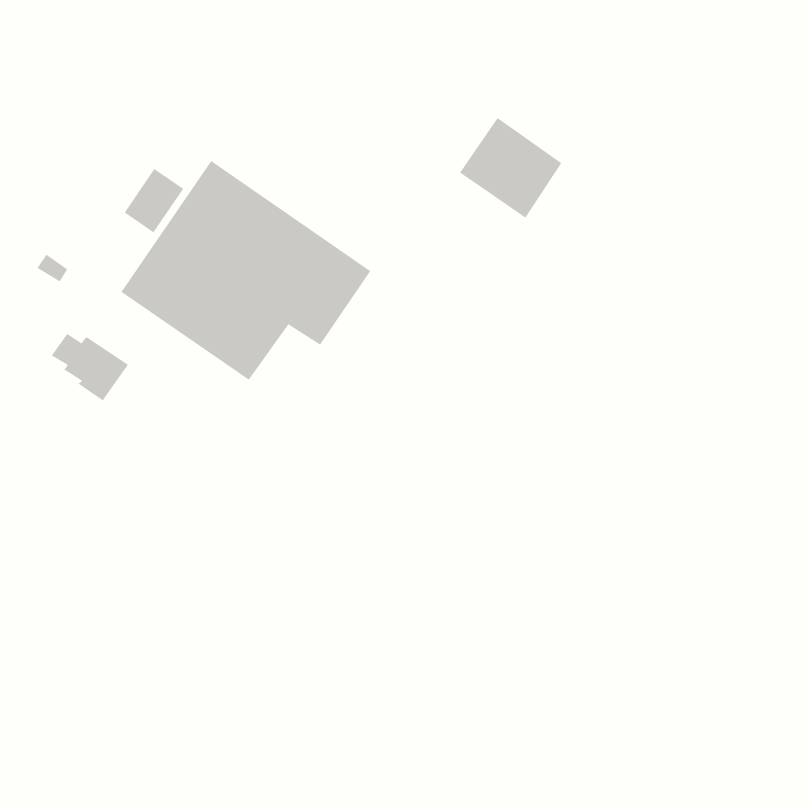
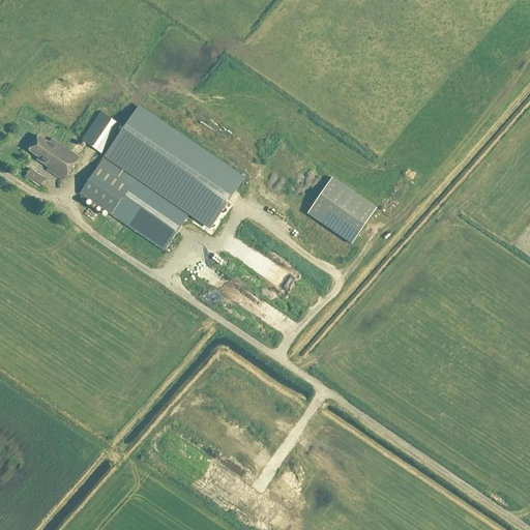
building: [459,117,562,219] -> [307,176,375,242]
building: [51,333,129,401] -> [28,135,79,179]

